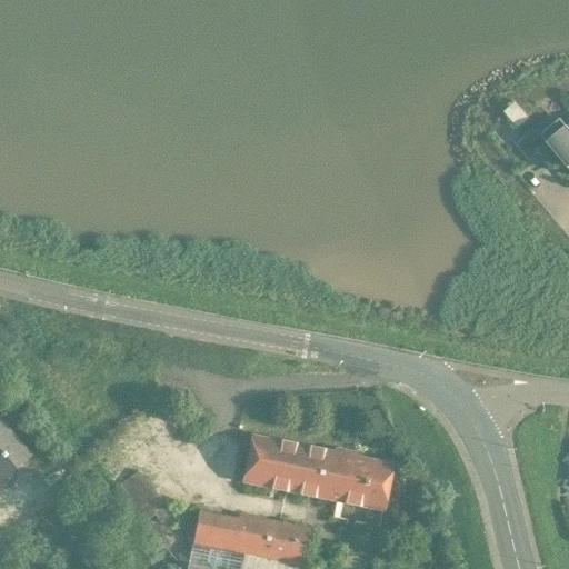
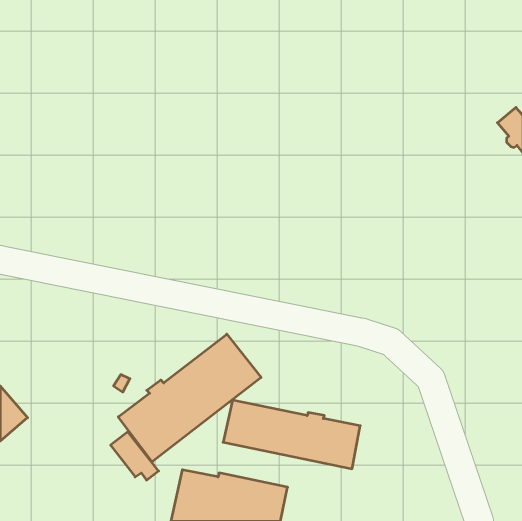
building: none -> [118,334,261,462]

